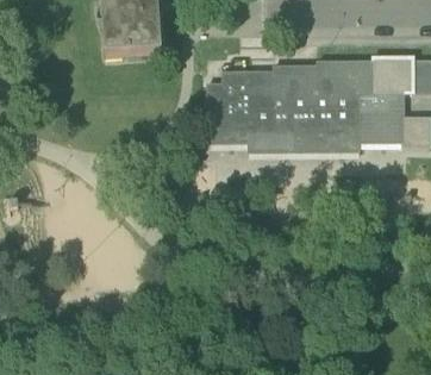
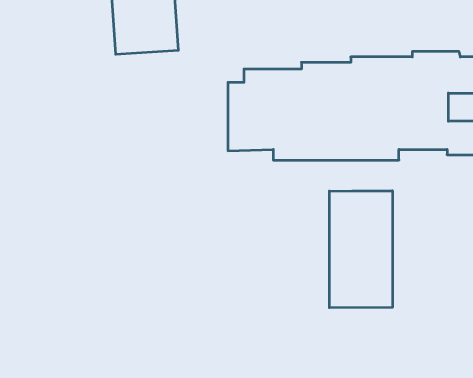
building: none -> [329,191,392,308]

